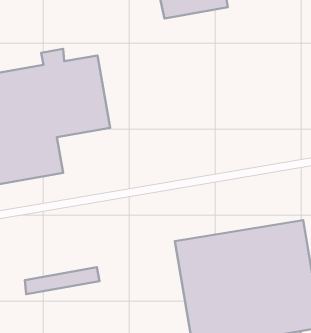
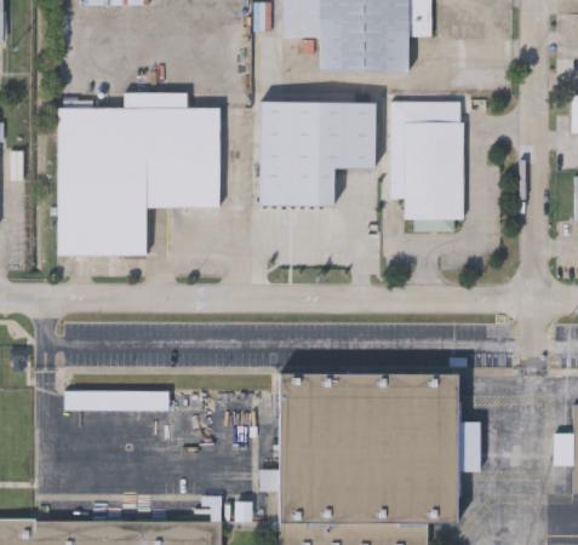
building: none -> [388,98,463,229]
building: none -> [258,98,374,208]

